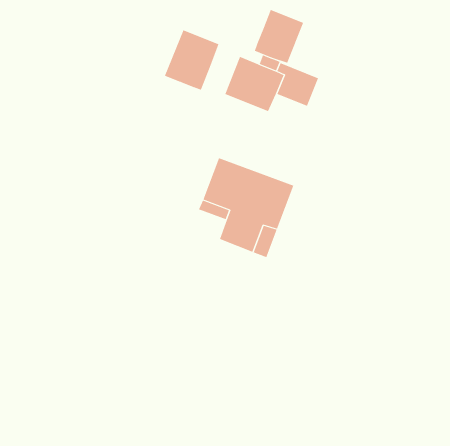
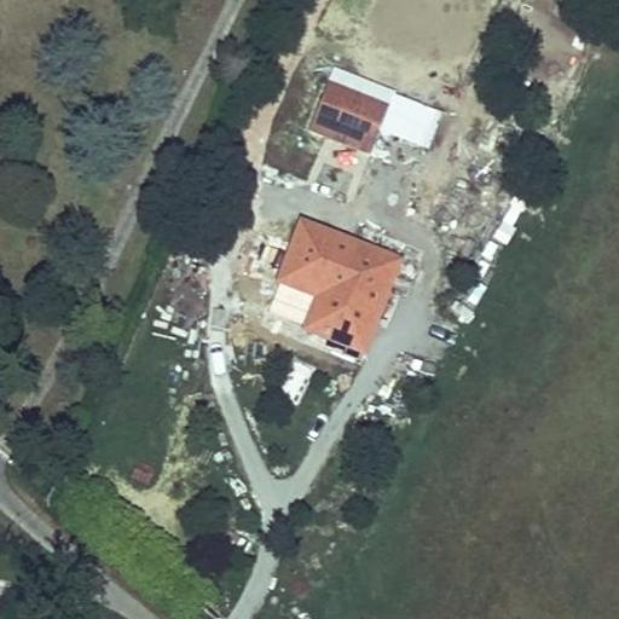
building: [254,9,304,64] -> none
building: [164,29,219,90] -> none

